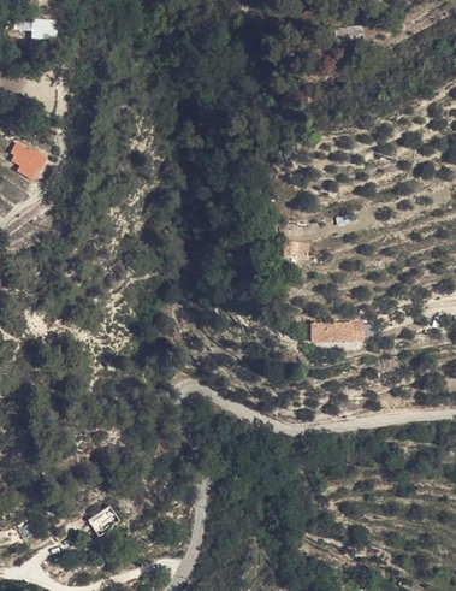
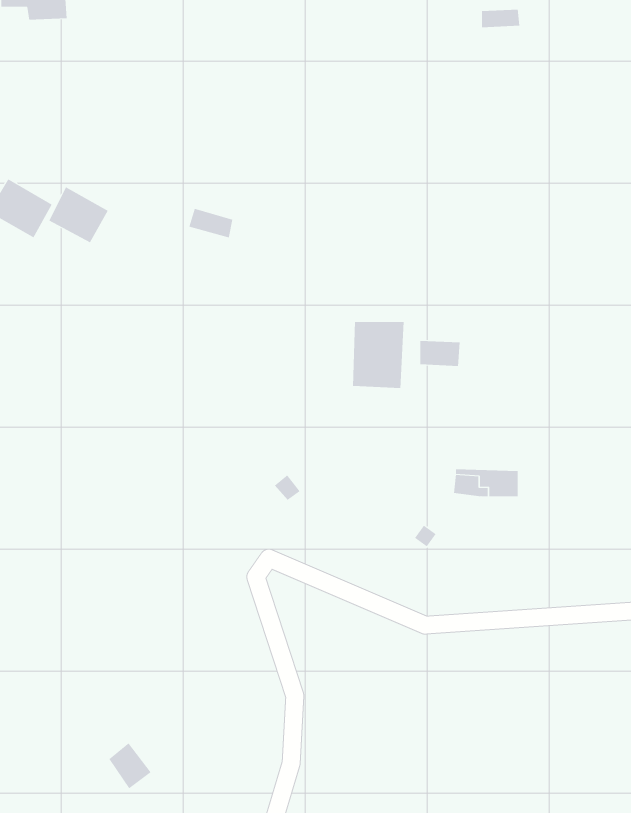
building: none -> [48,187,109,243]
building: none -> [353,321,404,389]

